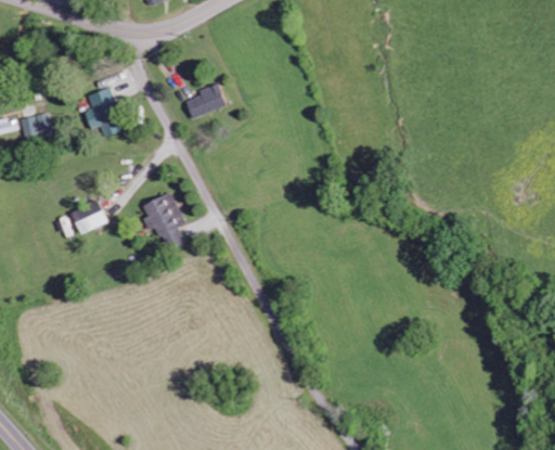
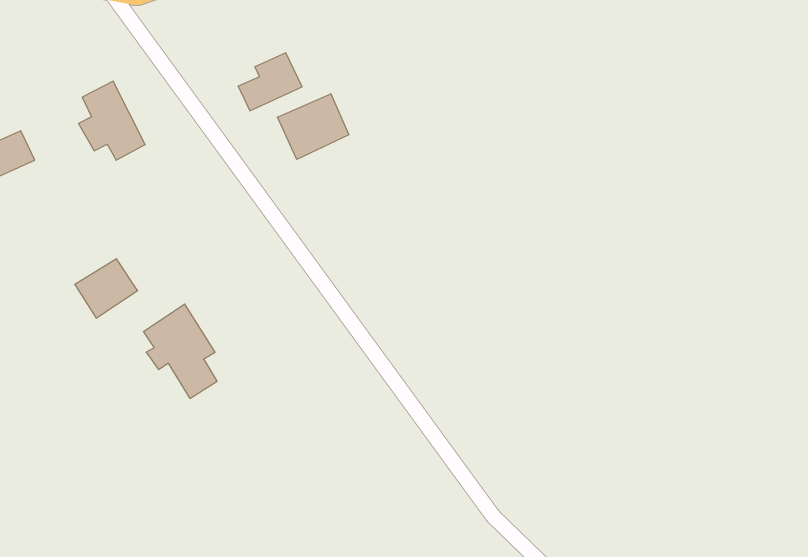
building: none -> [277,94,349,159]
building: [142,191,185,250] -> [143,304,217,398]

